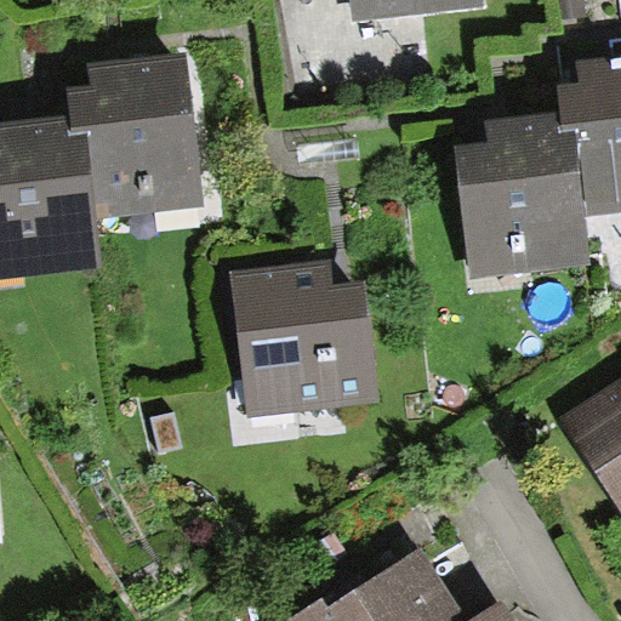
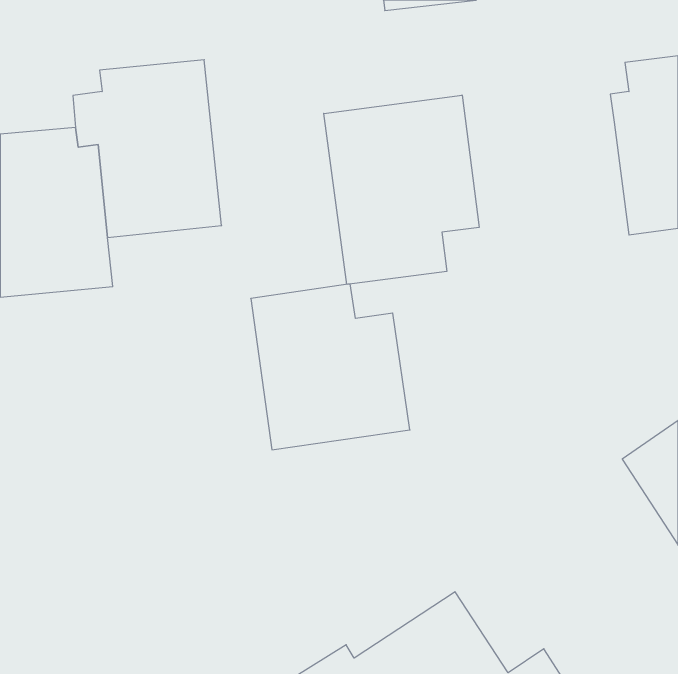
building: none -> [324,95,479,284]
building: [457,115,581,277] -> none

